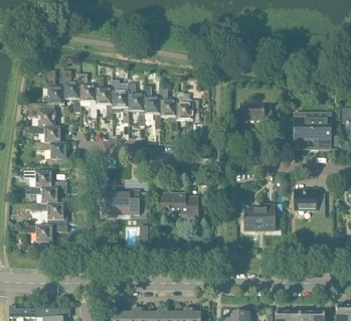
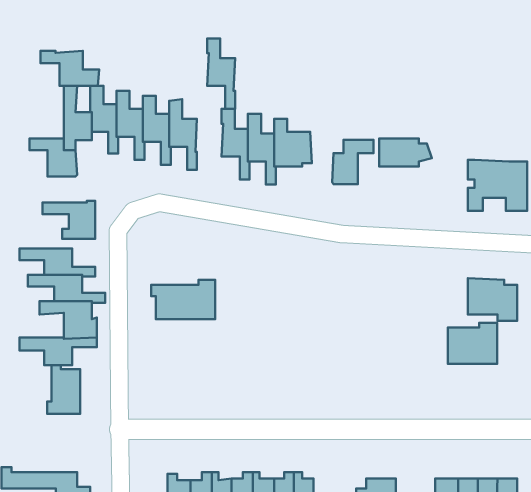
building: none -> [41,51,99,86]
building: [128,82,145,125] -> [207,38,235,109]
building: none -> [332,140,373,184]
building: [28,125,61,142] -> none
building: [161,193,198,218] -> none
building: [244,204,275,229] -> [448,323,497,364]
building: none -> [47,365,80,414]

